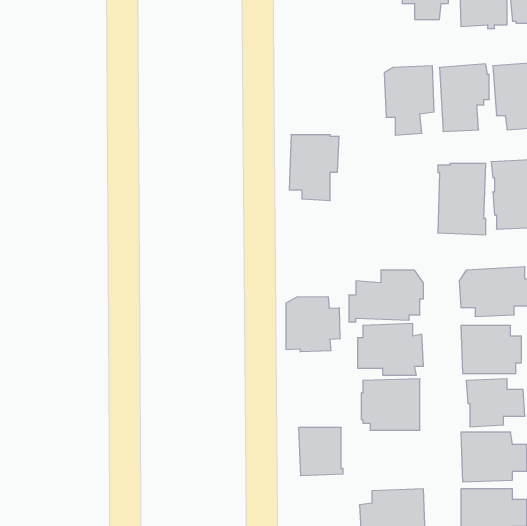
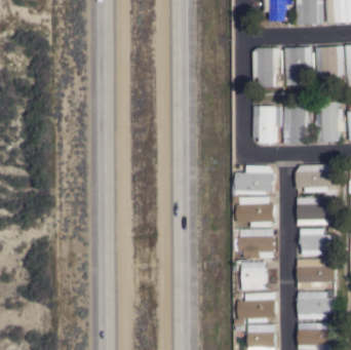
building: [289,135,339,201] -> [254,107,282,145]
building: [286,297,340,352] -> none
building: [299,428,343,476] -> [242,263,268,290]

